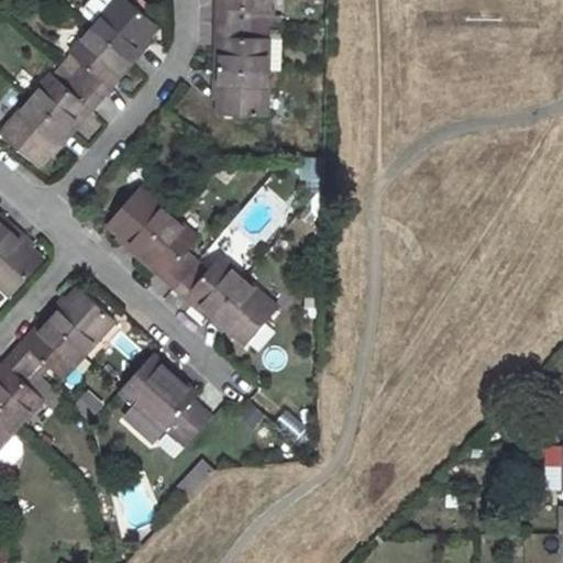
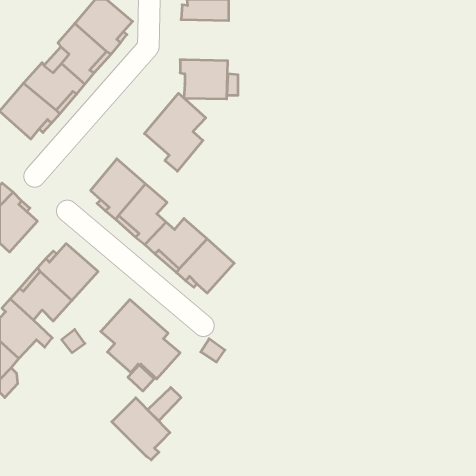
building: [213,23,269,71] -> none
building: none -> [144,93,206,171]
building: none -> [112,398,170,460]

